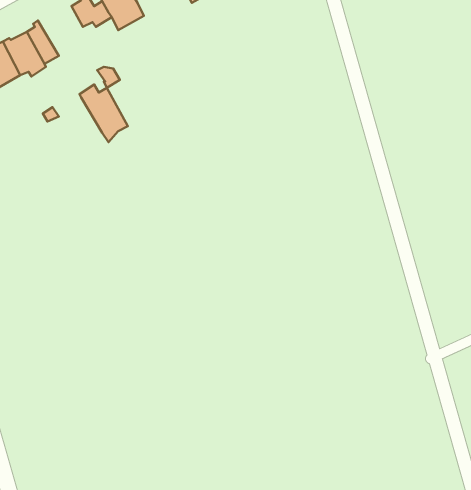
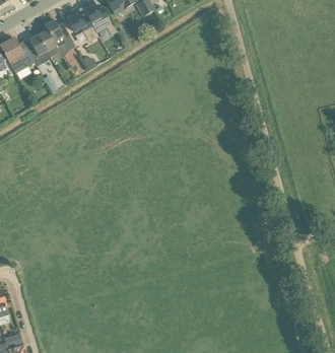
building: [80,85,128,142] -> [45,19,75,56]

